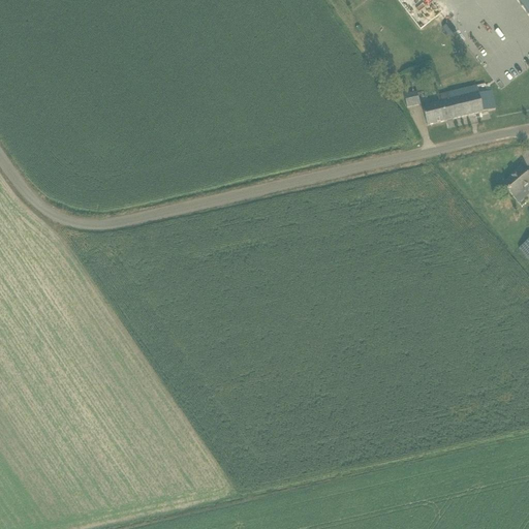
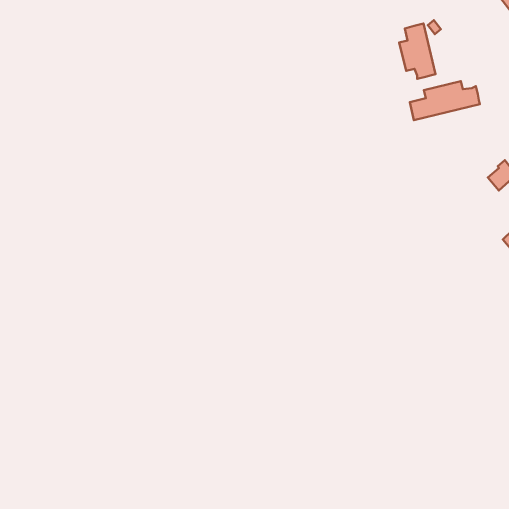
building: none -> [399,24,436,79]

